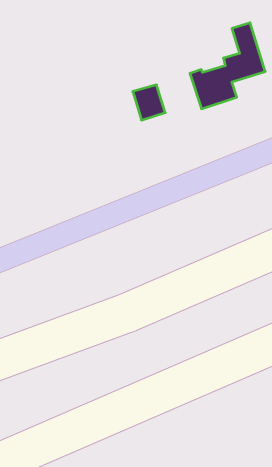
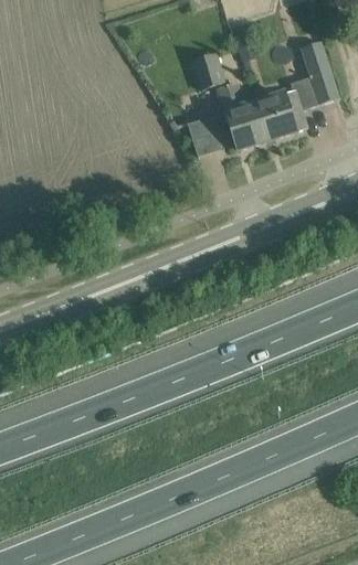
building: none -> [192,54,224,89]
building: none -> [219,84,265,150]

